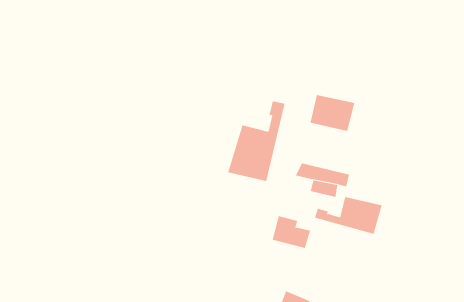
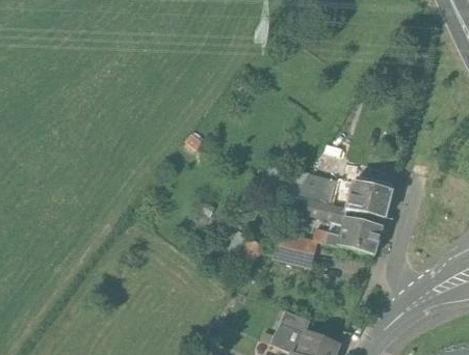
building: [310,94,355,131] -> [346,180,391,216]
building: [228,101,285,182] -> none

